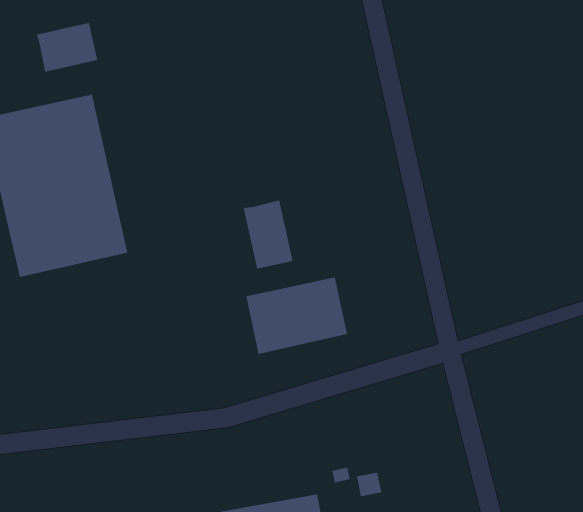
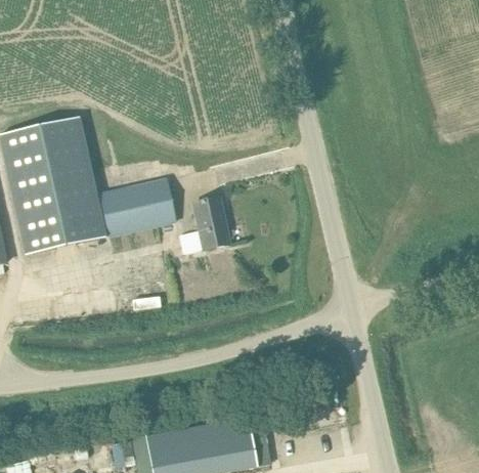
building: [36,22,98,72] -> none
building: [246,277,348,355] -> [98,177,175,235]

